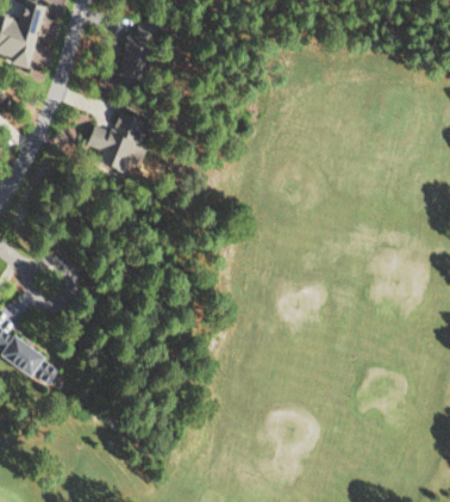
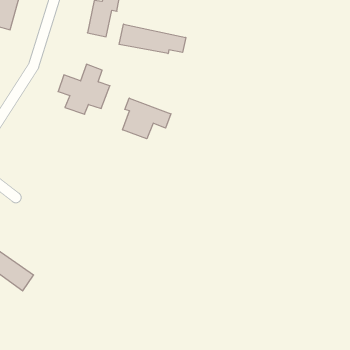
building: none -> [119,24,186,54]
building: none -> [123,98,171,139]

